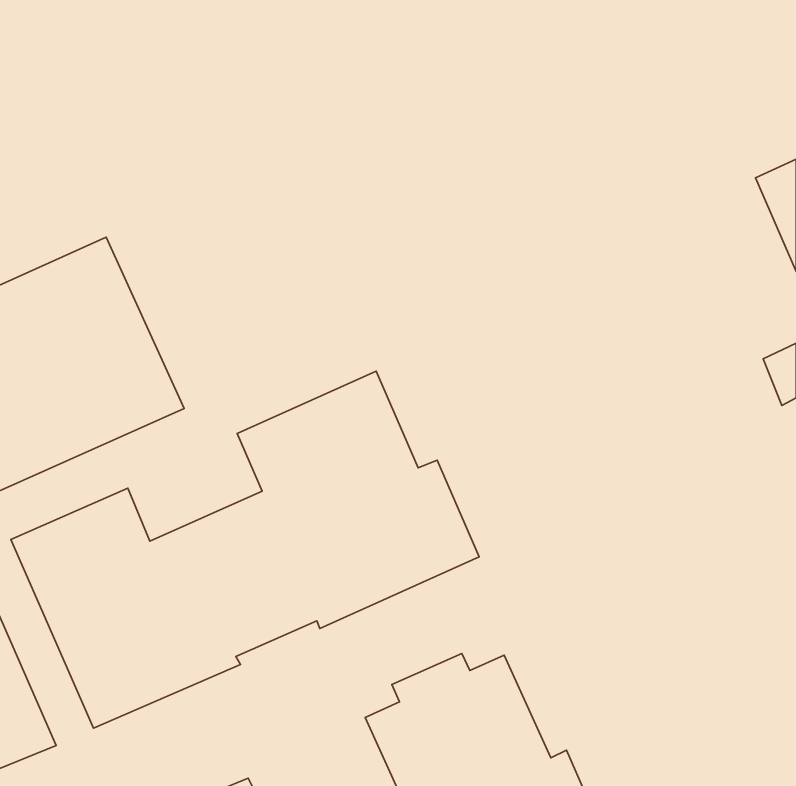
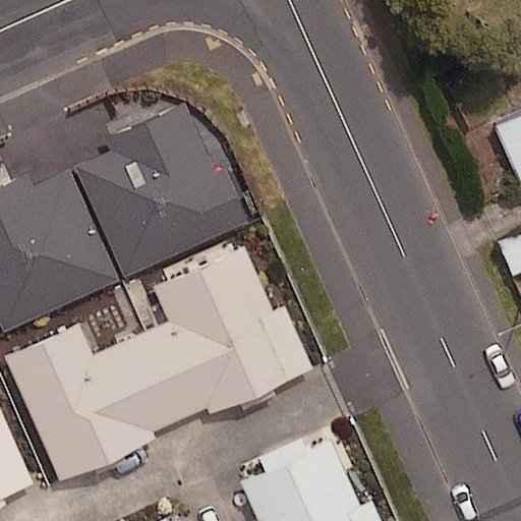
building: none -> [69,110,245,274]

